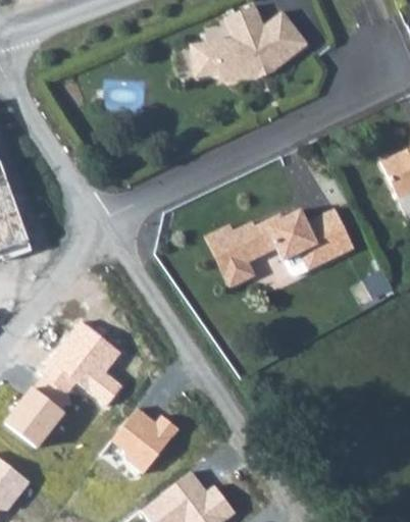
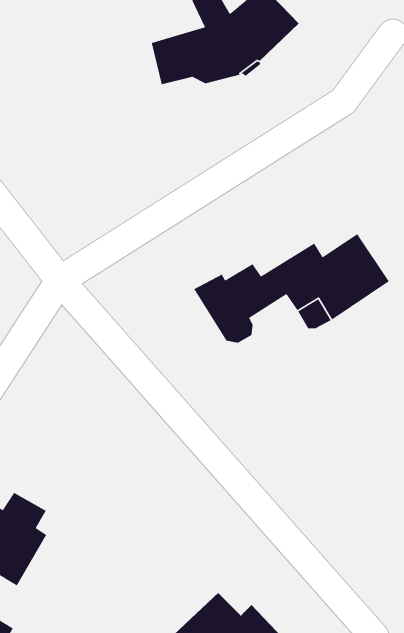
building: [41,320,123,404] -> none
building: [114,408,182,474] -> none

